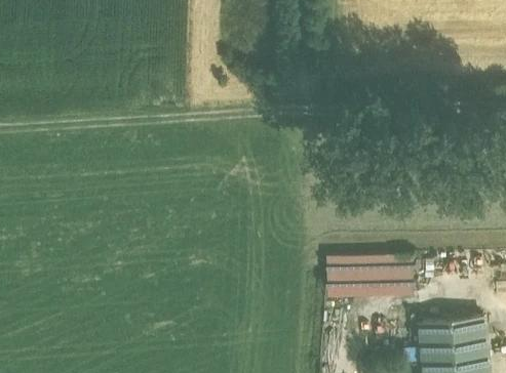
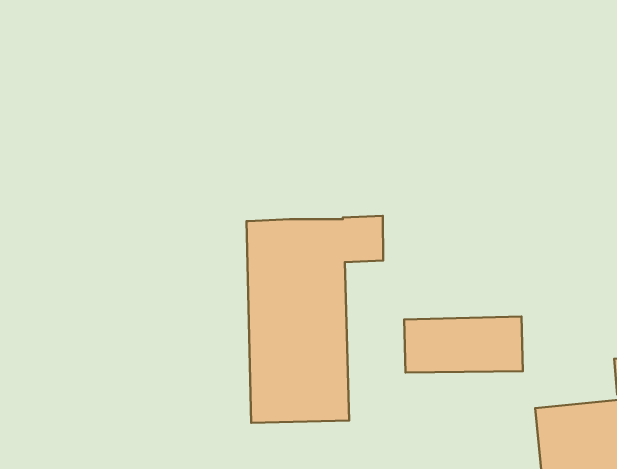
building: none -> [246,216,383,423]

